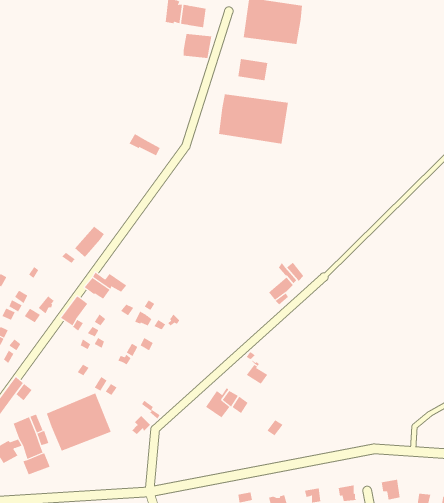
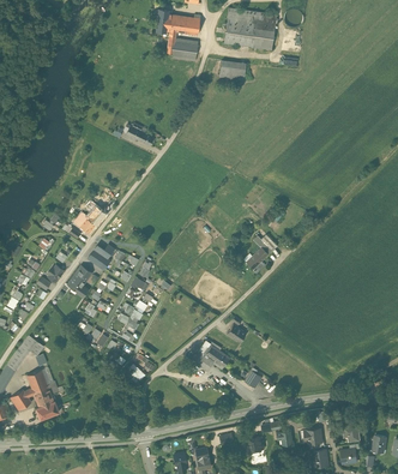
building: [219,94,288,145] -> none
building: [46,393,111,452] -> none

